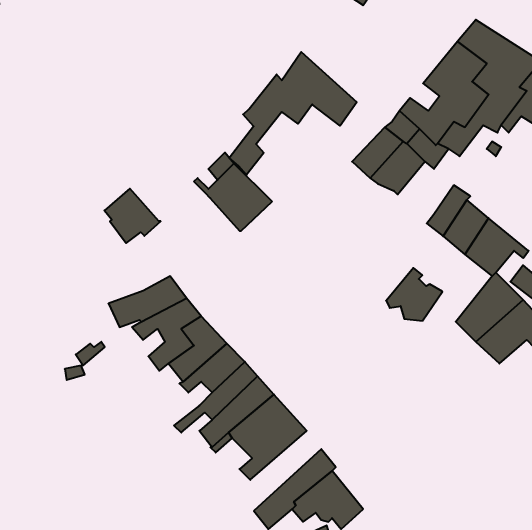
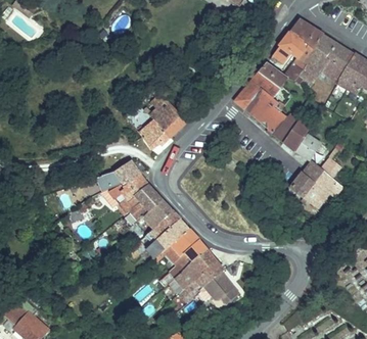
building: [229,52,357,175] -> none
building: [104,189,161,243] -> [138,118,170,149]
building: [386,268,442,321] -> [258,98,289,128]
building: none -> [166,249,215,295]

